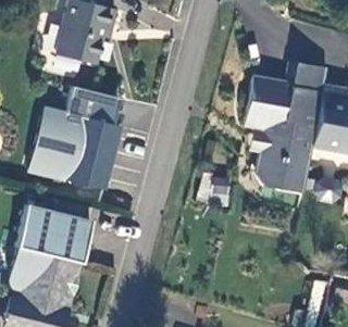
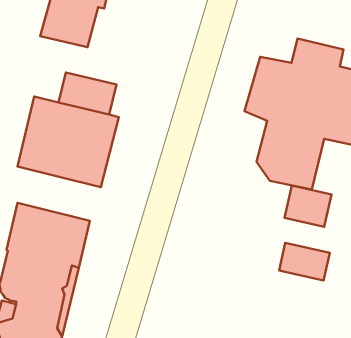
building: none -> [285,185,332,227]
building: none -> [279,243,330,280]

